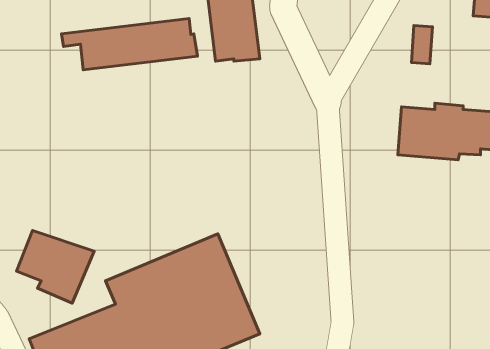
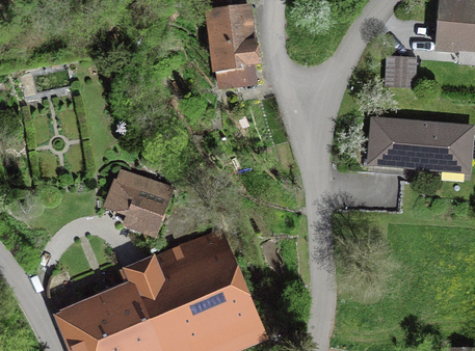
building: [61,18,197,70] -> none
building: [17,230,94,303] -> [107,171,173,233]

